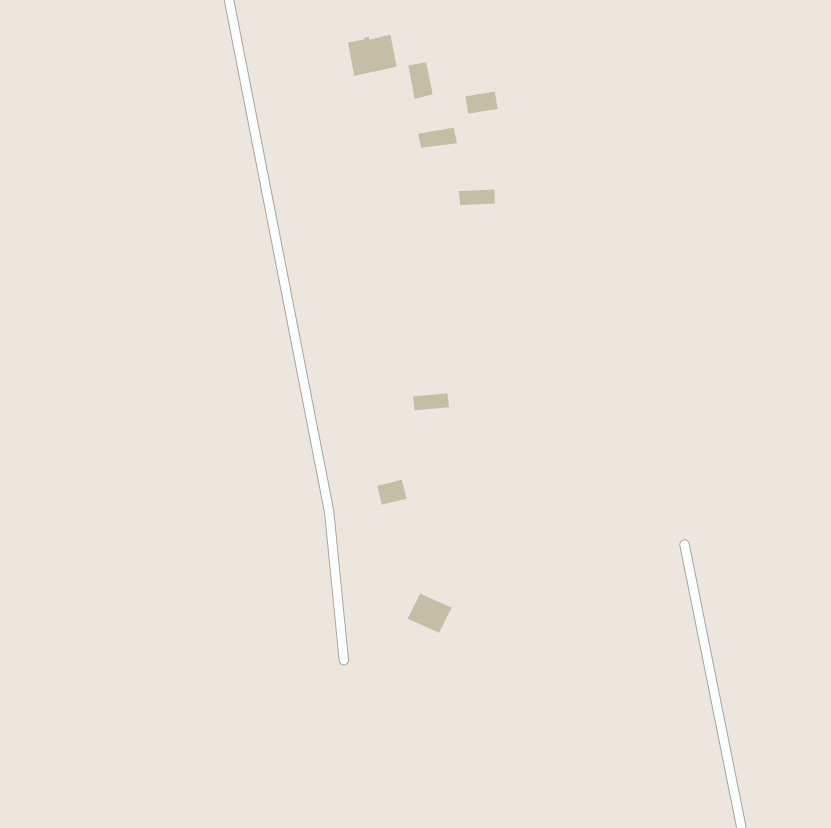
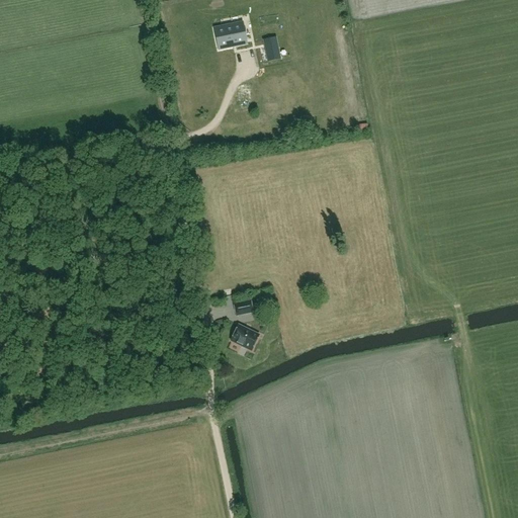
building: [407,593,453,633] -> [232,323,260,348]

